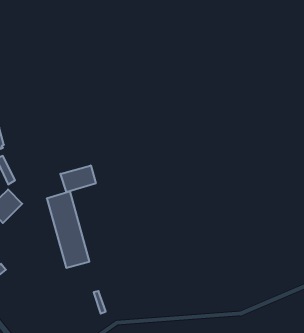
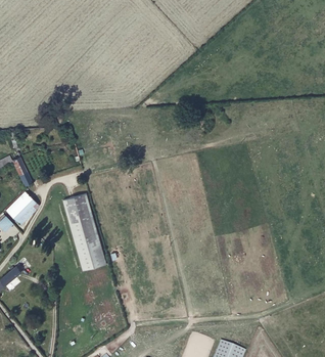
building: [60,165,96,192] -> none

